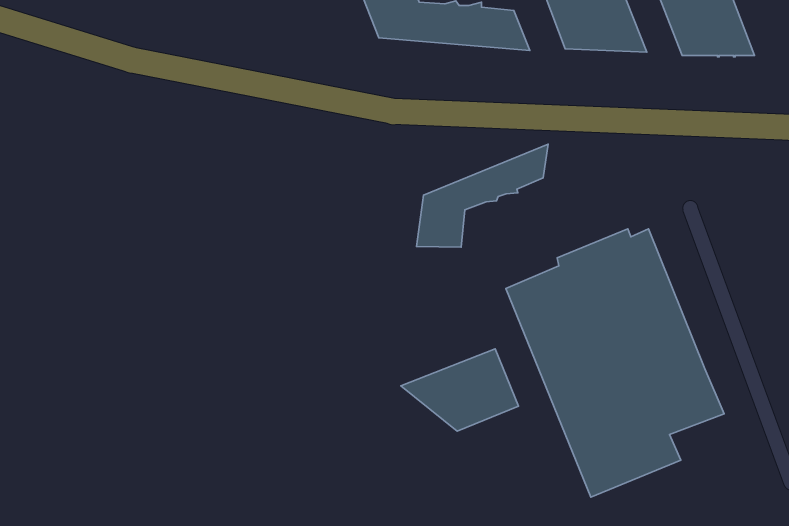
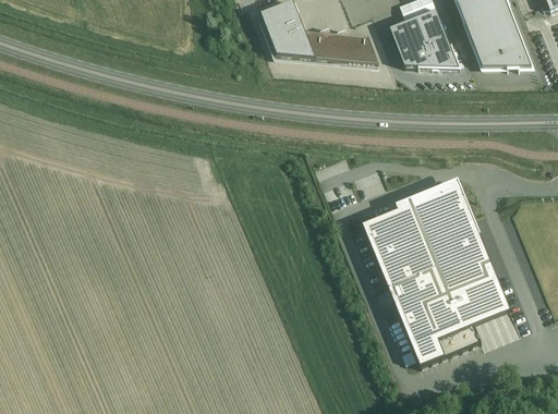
building: [416,144,548,247] -> none
building: [401,349,519,431] -> none

